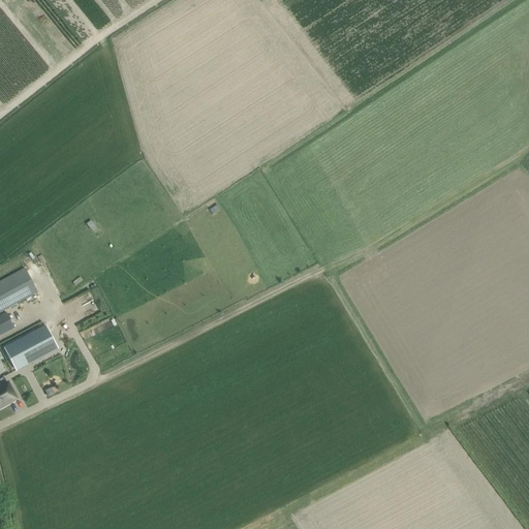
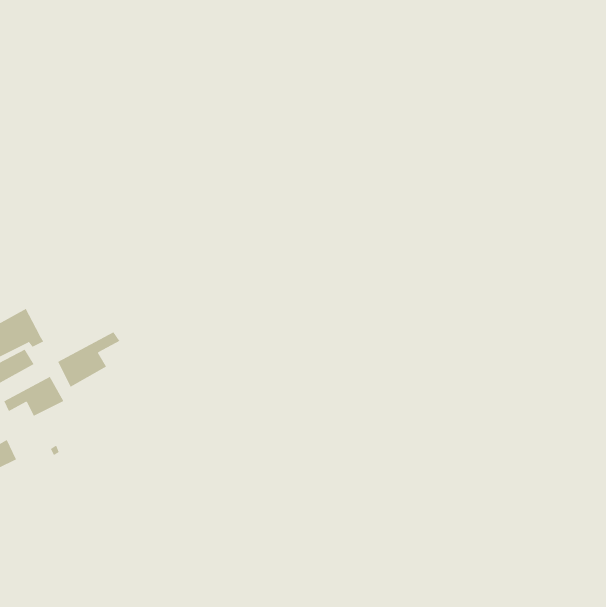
building: none -> [58,331,120,387]

